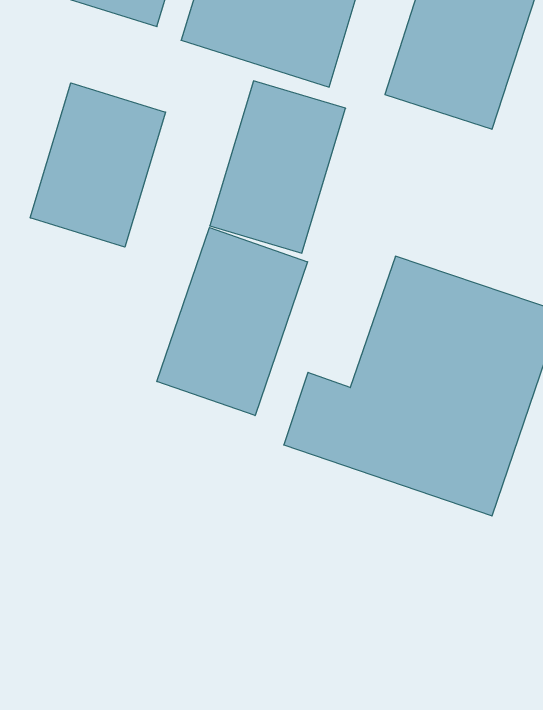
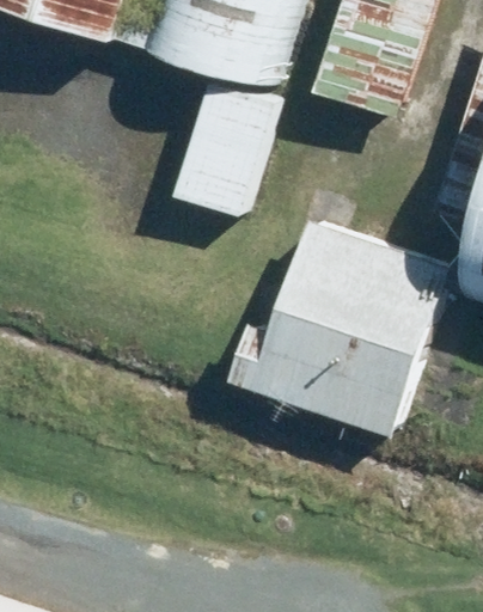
building: [30,83,166,247] -> none
building: [157,228,308,416] -> none

